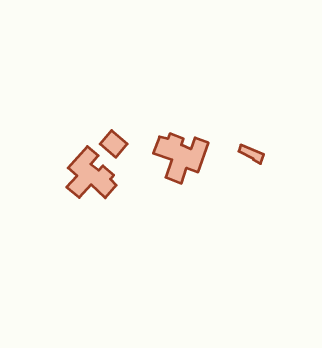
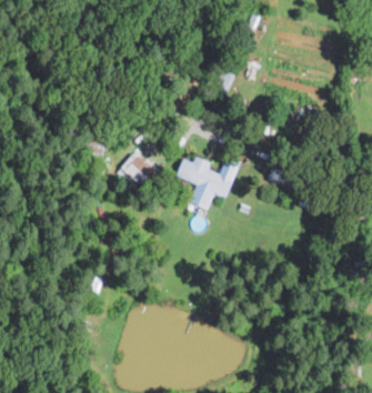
building: [67,146,116,198] -> none

